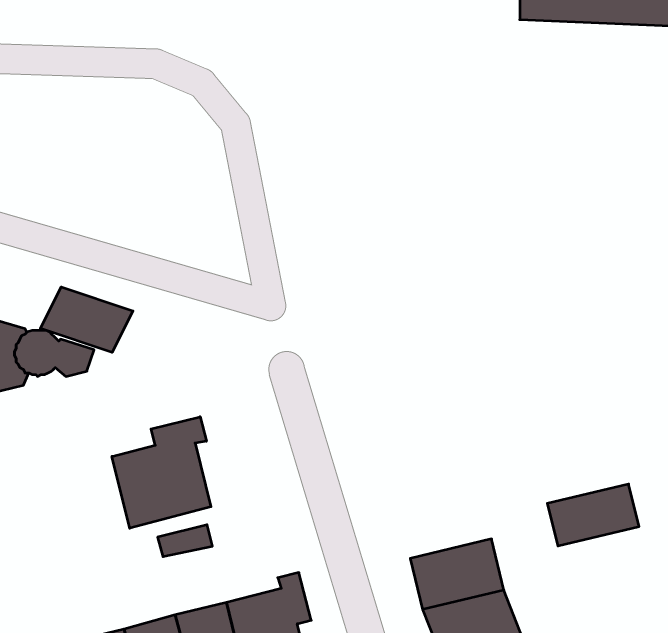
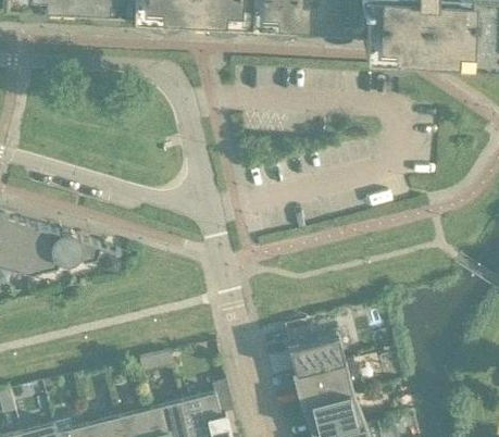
building: [40,287,133,352] -> none
building: [112,417,211,528] -> none
building: [547,484,639,546] -> [287,336,344,374]

